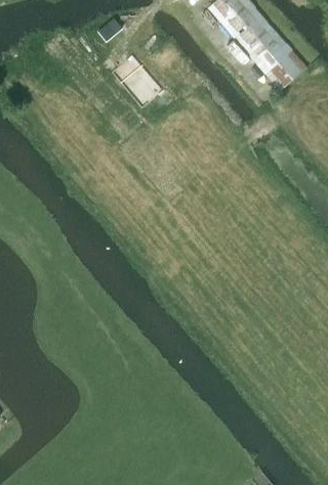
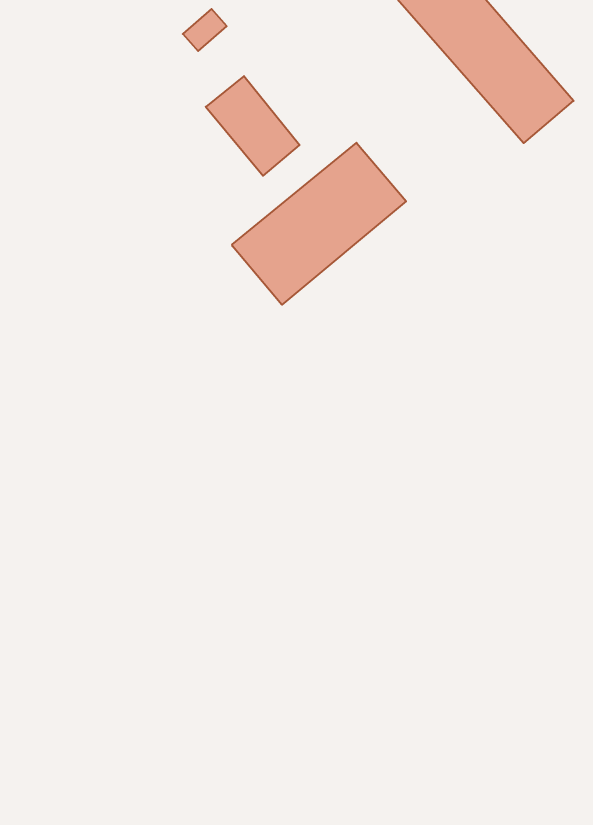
building: none -> [232,143,406,305]

